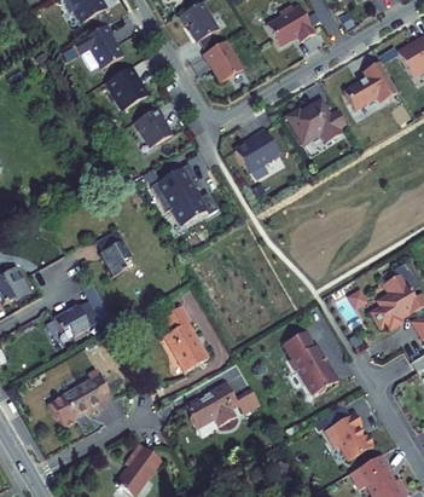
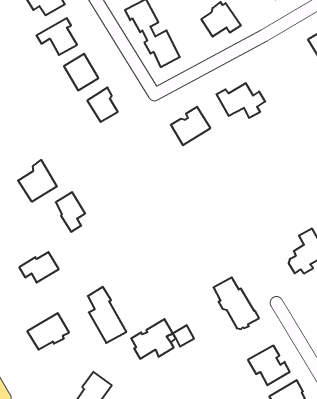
building: [347,59,399,109] -> none
building: [151,164,215,223] -> none
building: none -> [18,160,57,202]
building: [162,306,208,372] -> [88,287,126,343]

